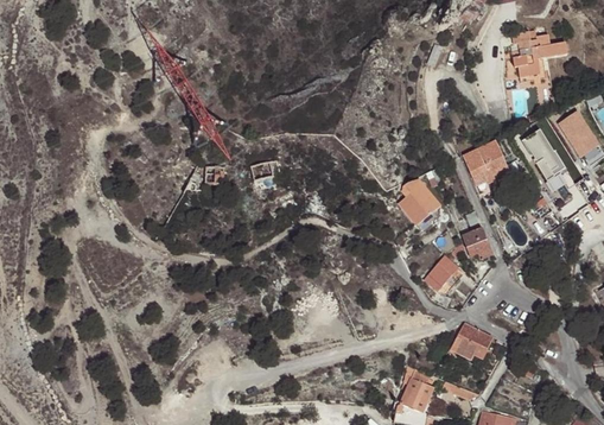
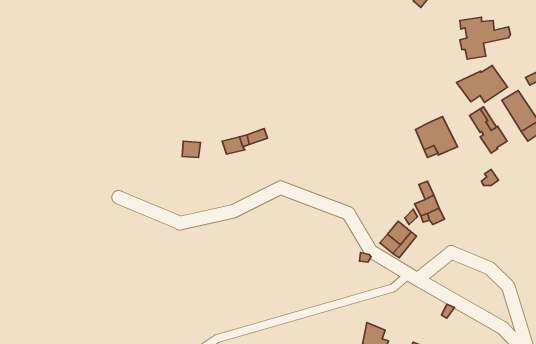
building: none -> [456,65,507,103]
building: [399,169,439,224] -> none
building: [451,325,491,364] -> none

